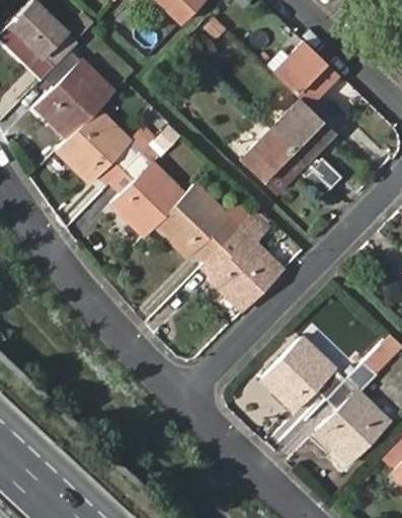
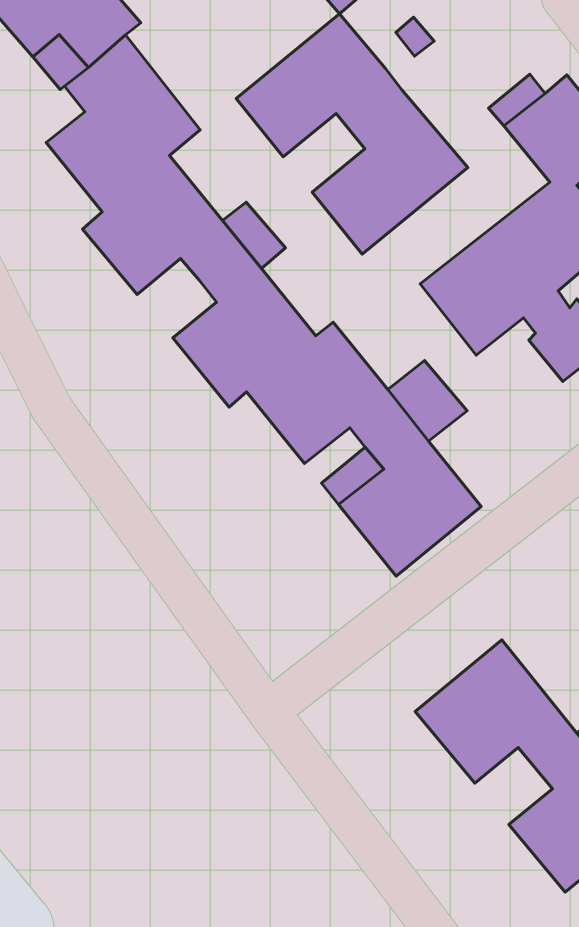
building: none -> [236,14,468,254]

